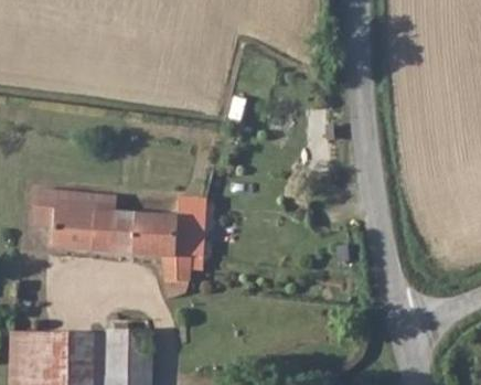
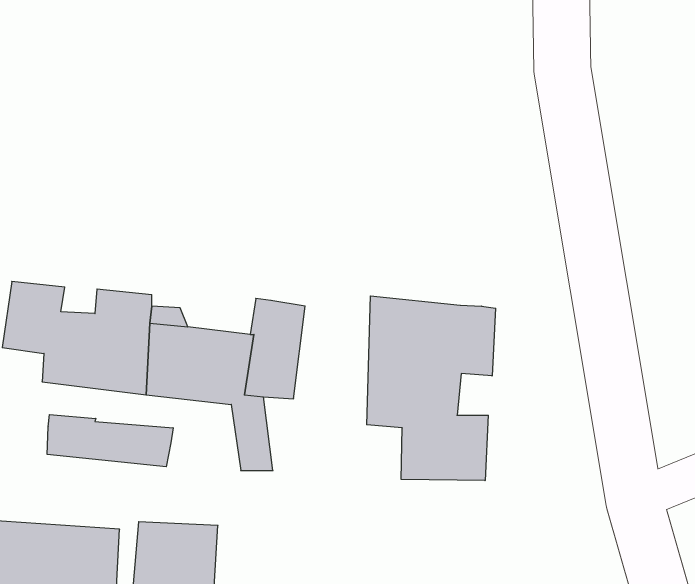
building: none -> [367,296,496,481]
building: none -> [47,415,173,467]

